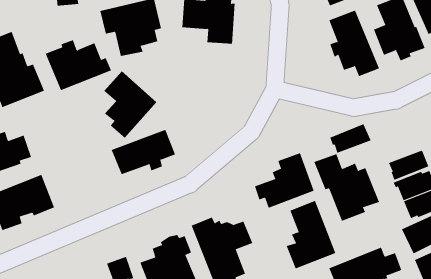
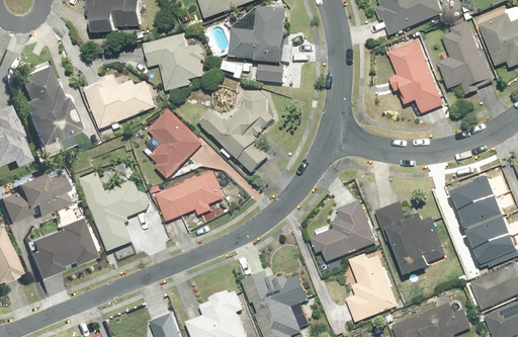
building: none -> [196,86,277,171]
building: [329,124,371,153] -> [446,174,492,206]
building: none -> [76,167,152,253]

